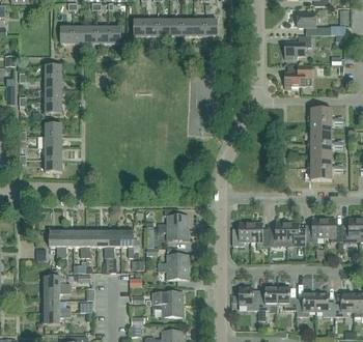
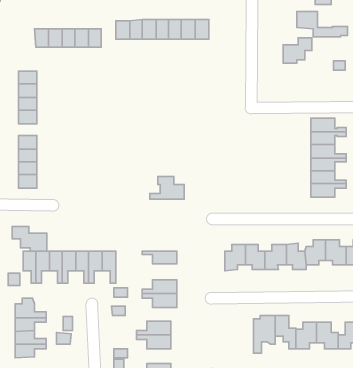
building: [285,65,311,88] -> none
building: none -> [12,227,47,251]
building: [158,207,189,228] -> [150,176,184,199]
building: [240,286,258,310] -> none

